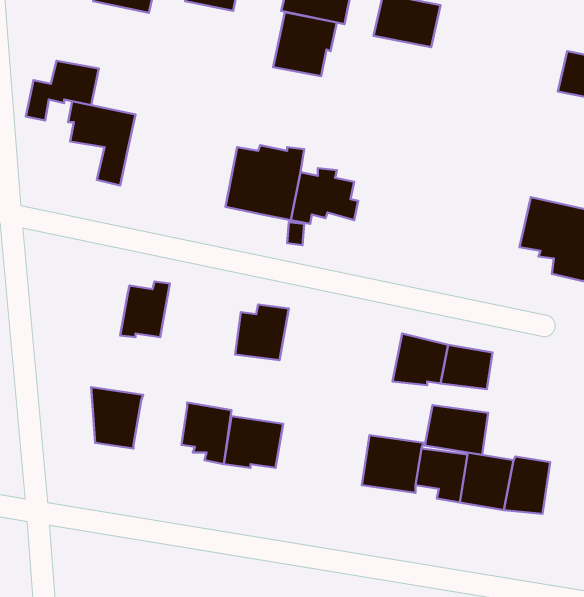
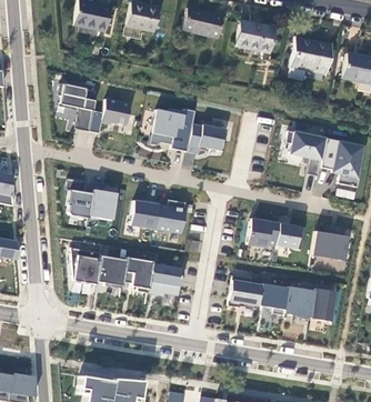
building: [273,12,337,76] -> none
building: none -> [290,37,332,72]
building: [26,61,99,120] -> [89,99,131,133]
building: none -> [287,130,327,175]
building: none -> [67,178,93,218]
building: none -> [131,200,159,228]
building: none -> [97,255,128,288]
building: [425,405,488,455] -> [311,231,348,260]

